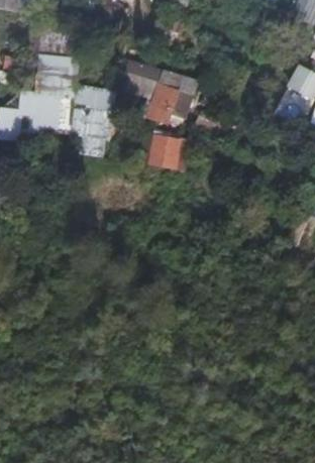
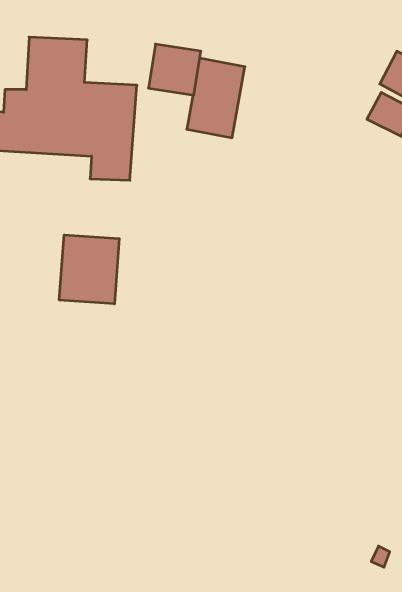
building: [141,133,179,168] -> none
building: none -> [59,235,119,304]

